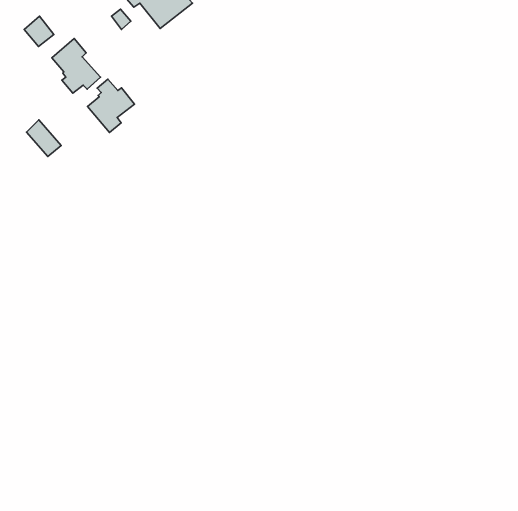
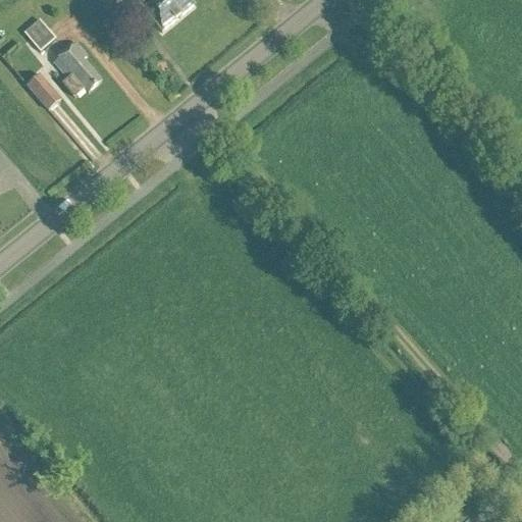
building: [88,79,134,133] -> none
building: [27,120,61,156] -> [27,71,61,108]

